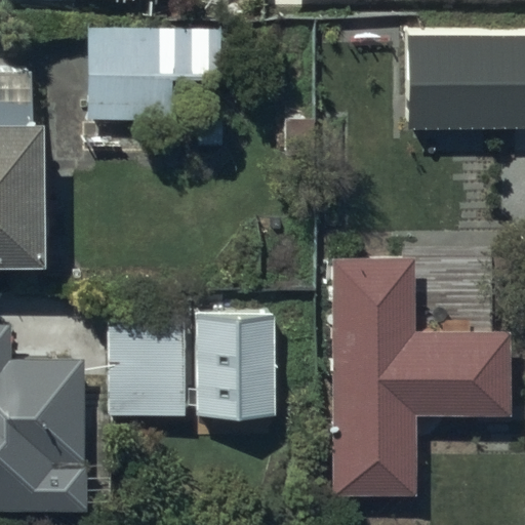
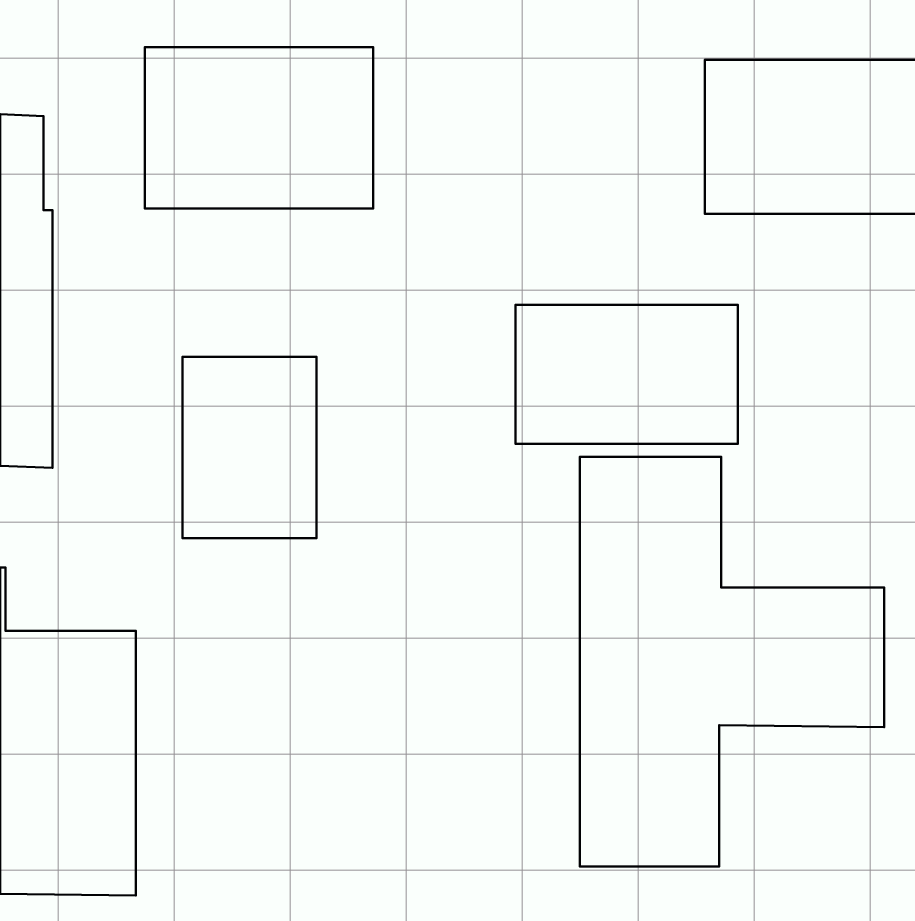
building: none -> [515,305,738,444]
building: [195,312,273,419] -> none
building: [109,314,185,416] -> [182,357,316,538]

